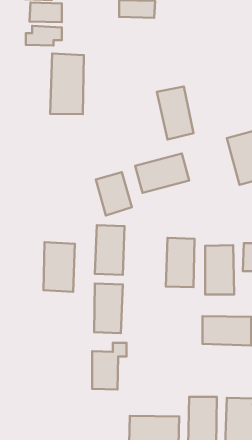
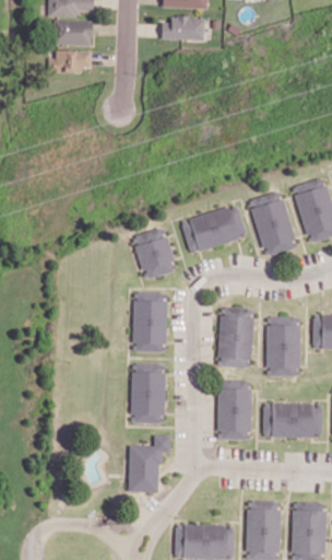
building: [50,54,84,114] -> none
building: [157,86,194,139] -> [250,191,295,256]
building: [44,242,75,292] -> none
building: none -> [217,380,252,440]

